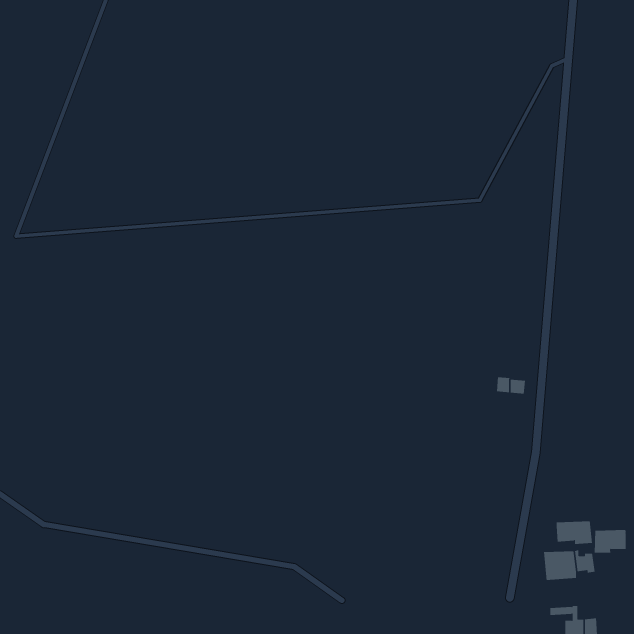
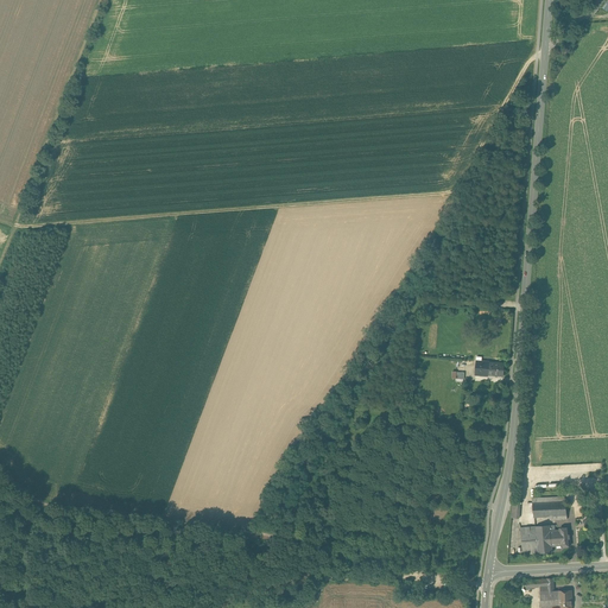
building: [594,529,626,553] -> none

